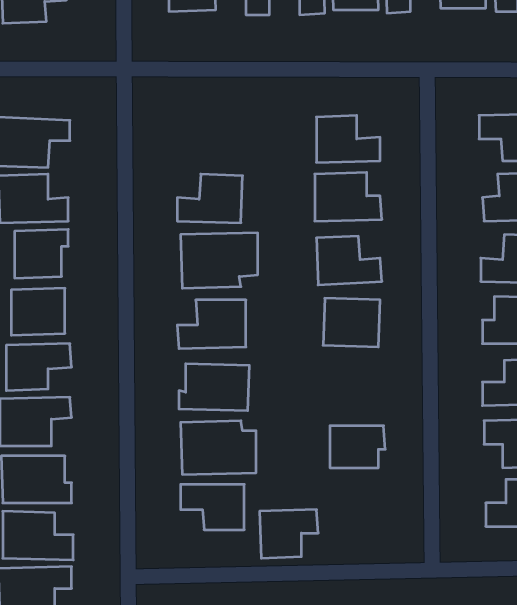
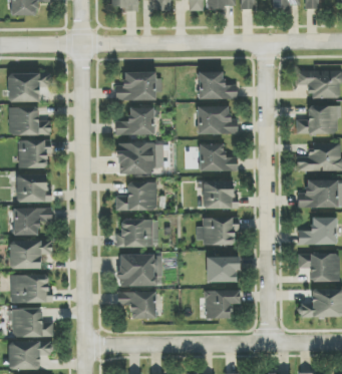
building: none -> [115,71,155,101]
building: none -> [197,217,239,246]
building: [260,510,318,558] -> [205,290,240,319]

